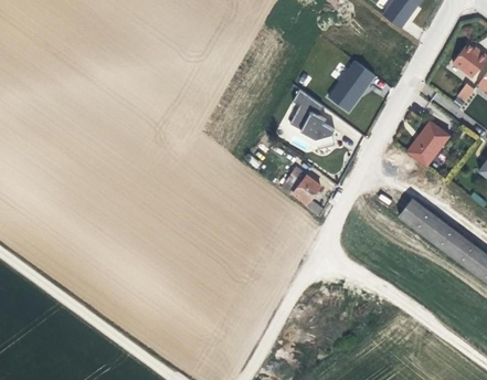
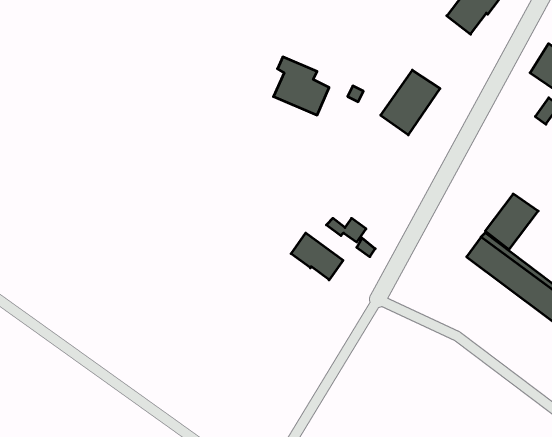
building: [289,94,336,142] -> [273,57,329,115]
building: [405,122,449,168] -> [485,194,538,250]
building: none -> [291,233,343,280]

